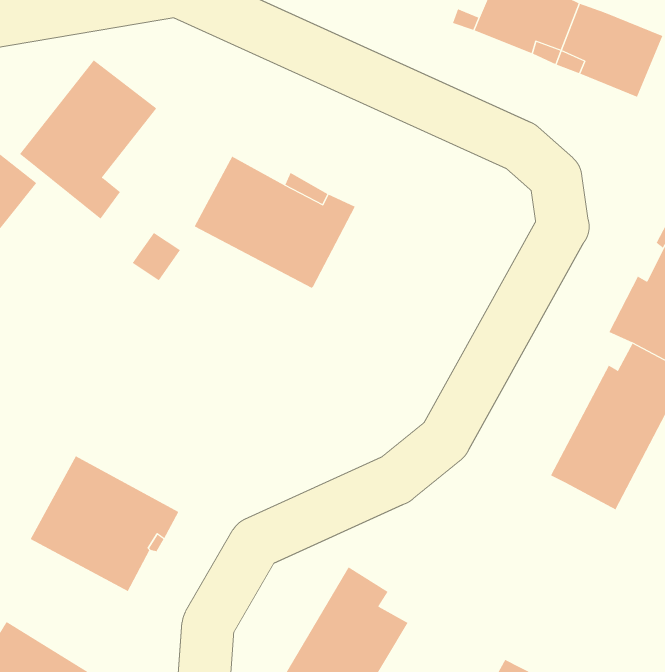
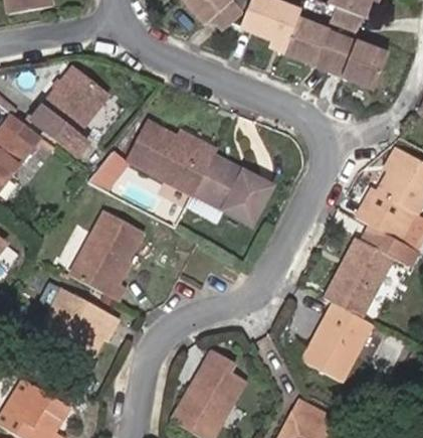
building: none -> [194,153,275,226]
building: none -> [69,209,145,301]
building: none -> [301,302,373,382]

